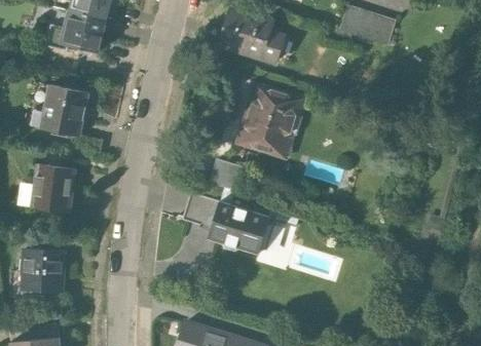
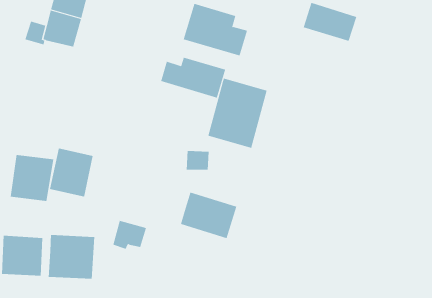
building: none -> [160,57,226,99]
building: [42,86,88,138] -> [49,148,94,197]
building: [183,195,219,226] -> [112,220,147,250]
building: none -> [48,234,95,280]

